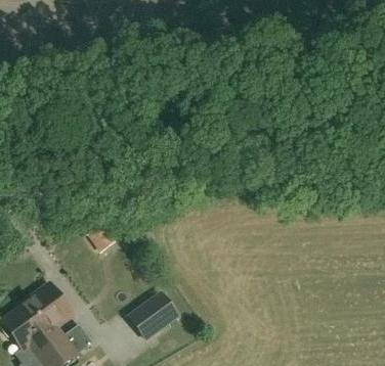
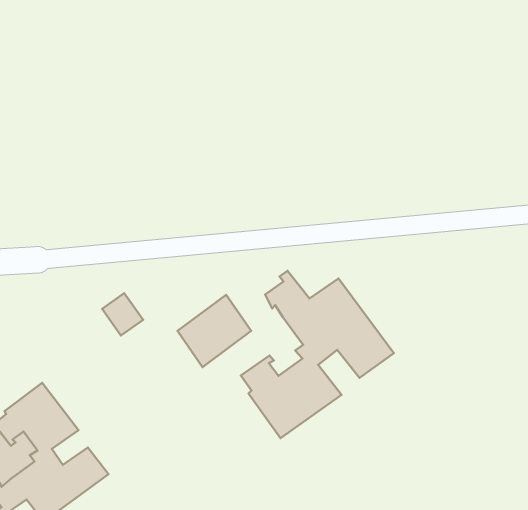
building: none -> [241,271,394,438]
building: [129,291,177,338] -> [177,295,251,367]

